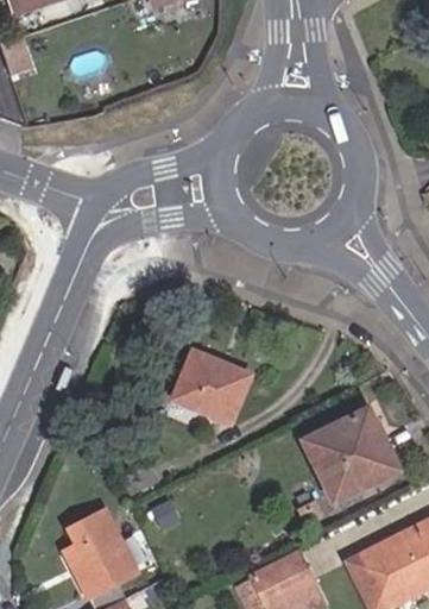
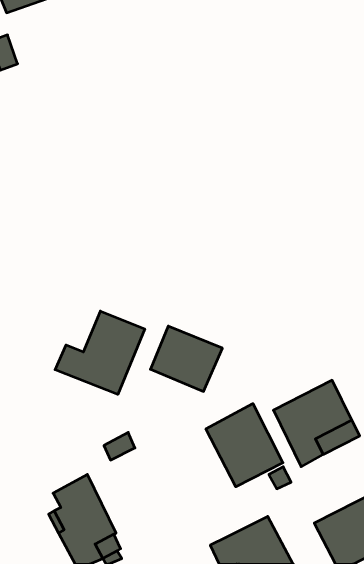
building: none -> [55,311,145,394]
building: none -> [206,404,283,487]

